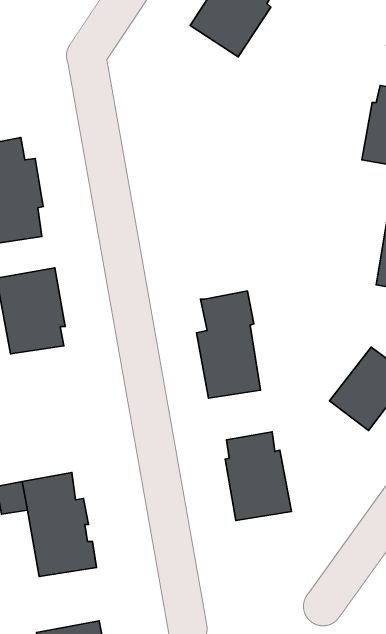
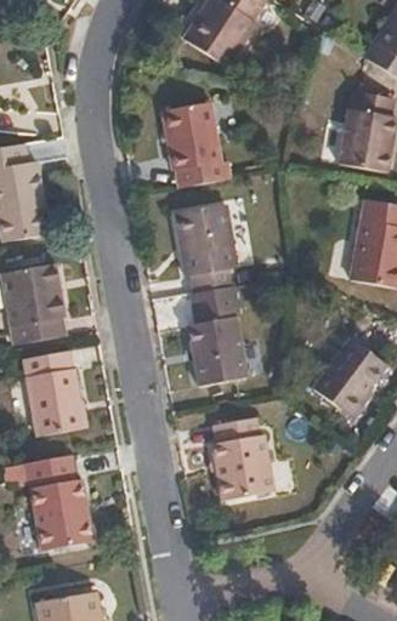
building: none -> [161,102,221,171]
building: none -> [175,204,238,294]
building: none -> [21,351,84,437]

